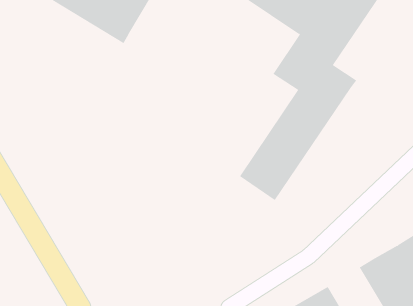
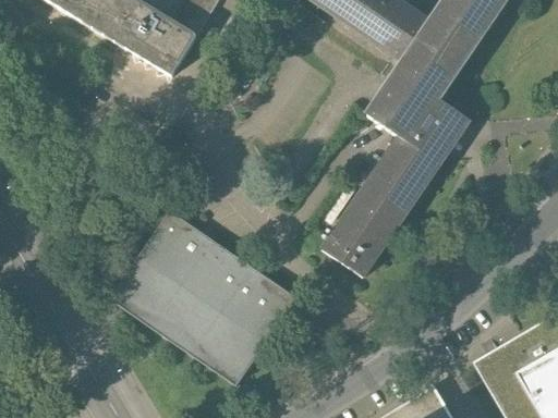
building: none -> [111,212,299,386]

